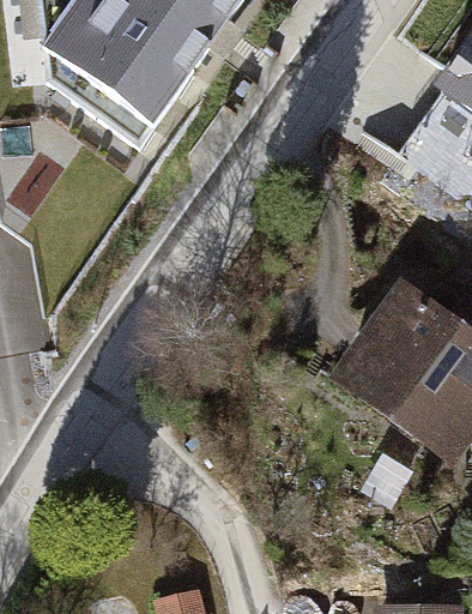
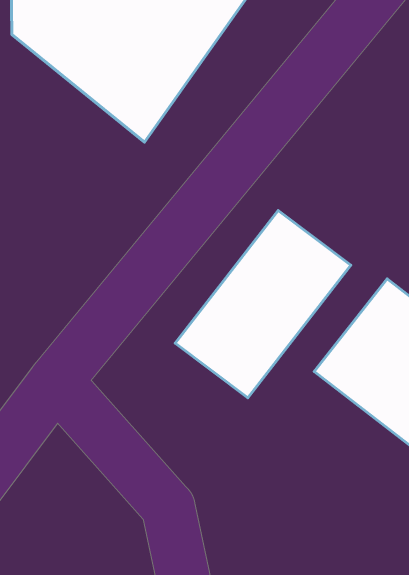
building: none -> [175,210,351,398]

